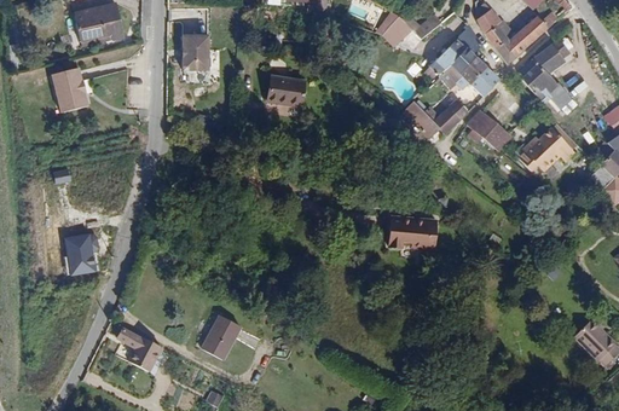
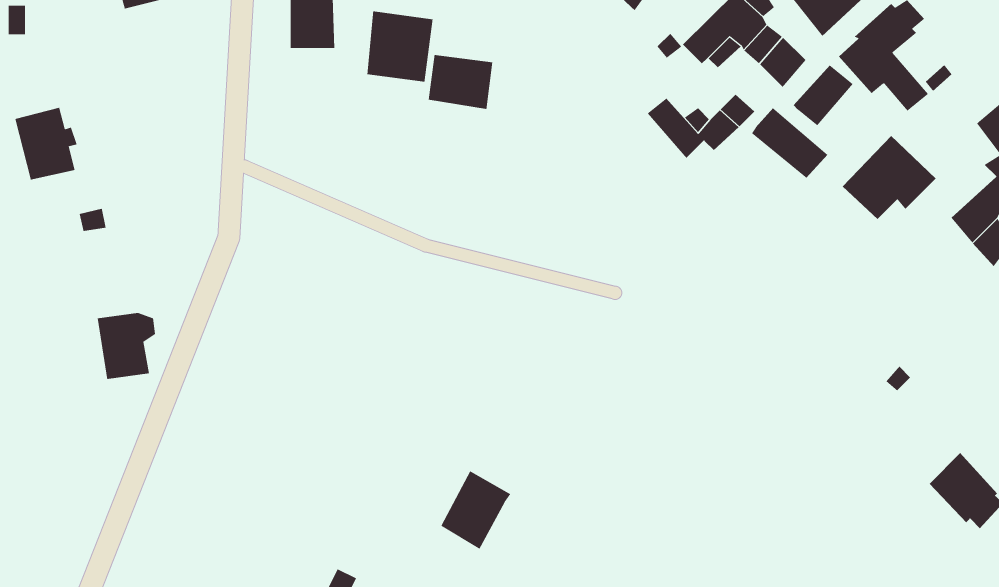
building: none -> [367,10,433,83]
building: [52,68,91,112] -> [14,107,77,180]
building: none -> [793,65,854,126]
building: [388,215,438,253] -> none
building: [199,314,243,363] -> [440,471,511,549]
building: [117,328,163,371] -> none

